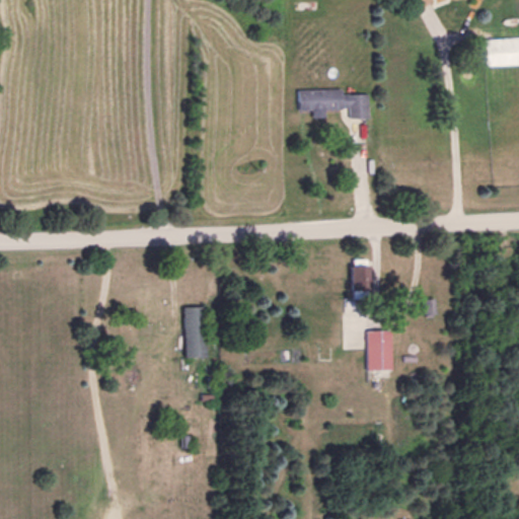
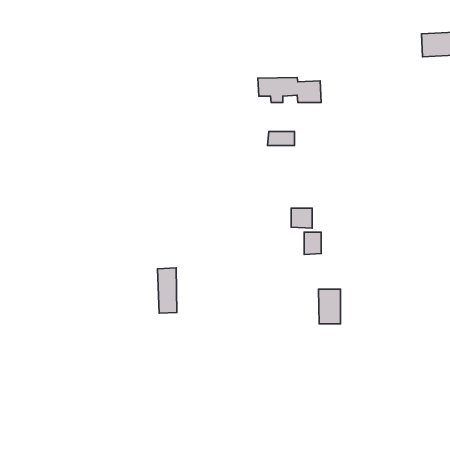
building: none -> [268,131,295,146]
building: none -> [291,208,312,228]

